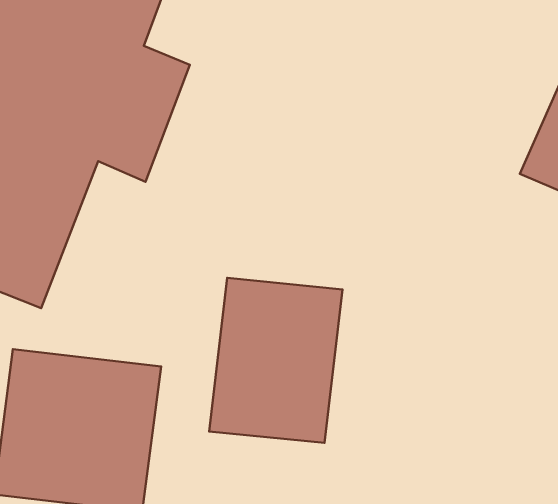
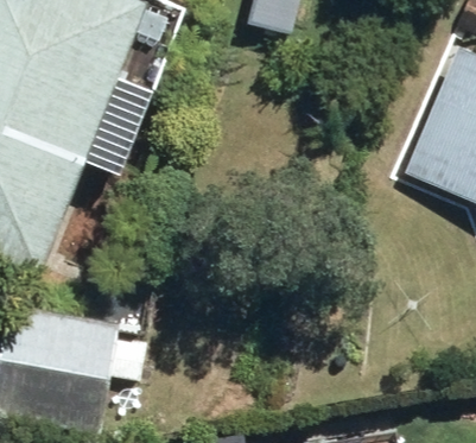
building: [209,278,342,443] -> none

